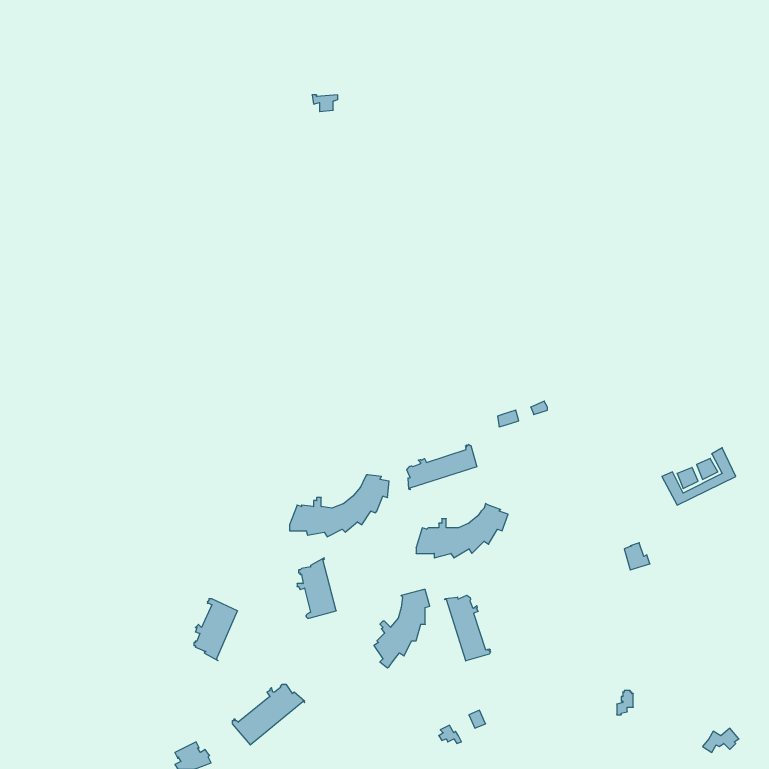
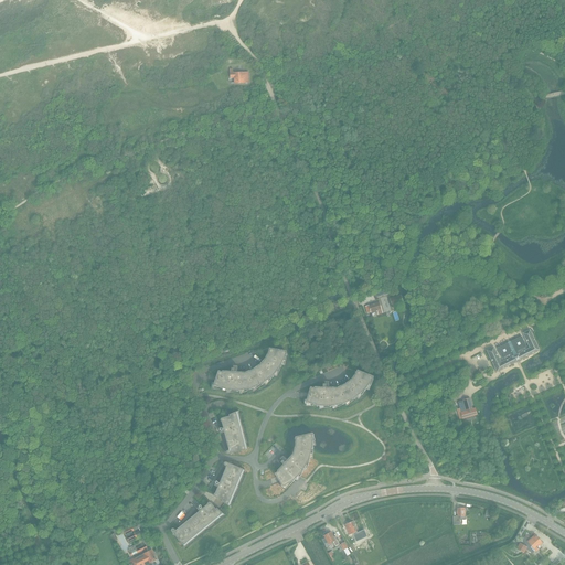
building: [407,444,477,490] -> none
building: [445,595,491,661] -> none
building: [194,599,238,661] -> [212,460,244,505]

